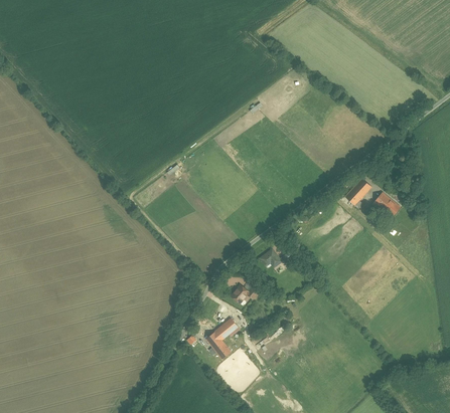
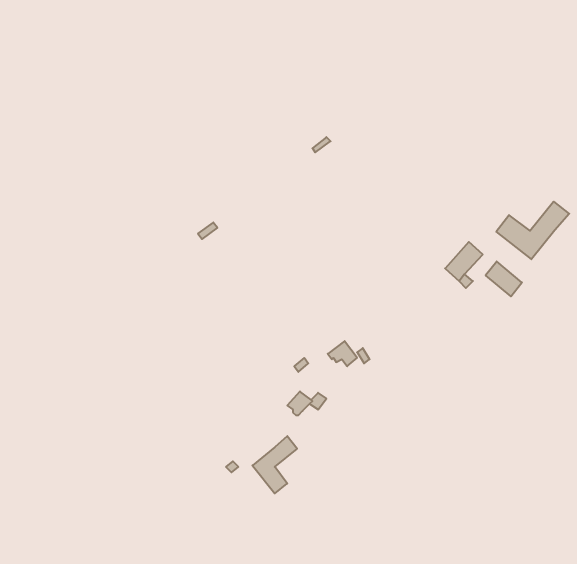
building: none -> [496,202,569,259]

